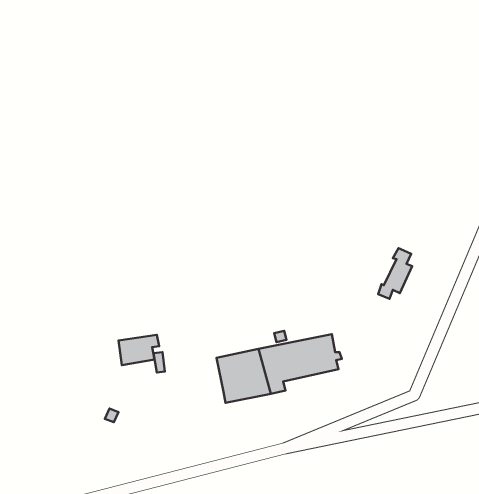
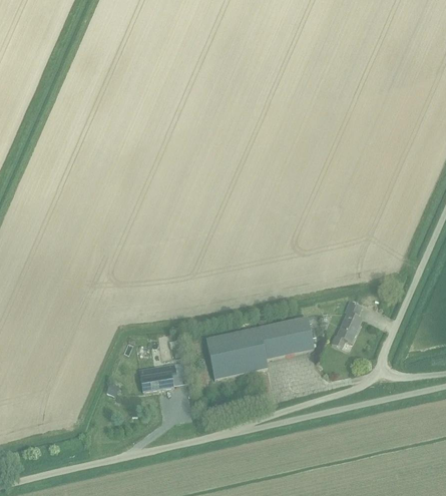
building: [378,248,412,299] -> [332,302,362,347]
building: [118,335,159,365] -> [140,364,176,391]

